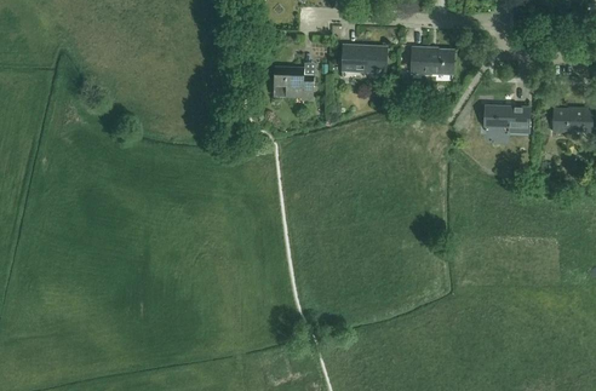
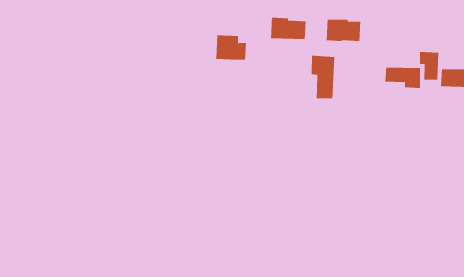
building: none -> [419,51,439,81]
building: none -> [311,55,335,99]

